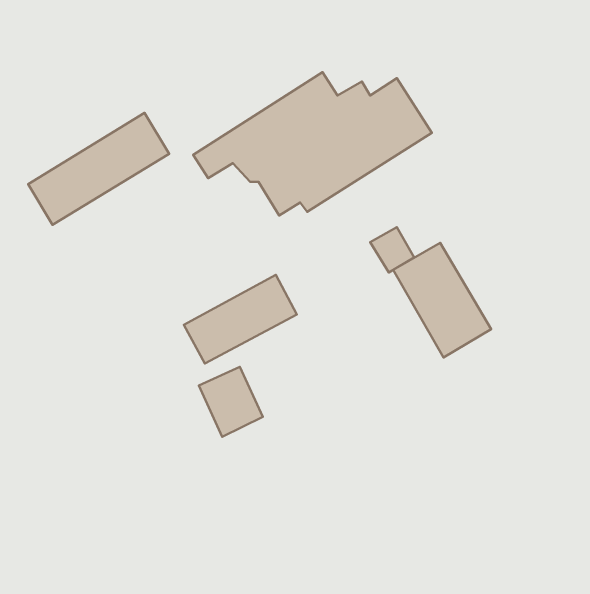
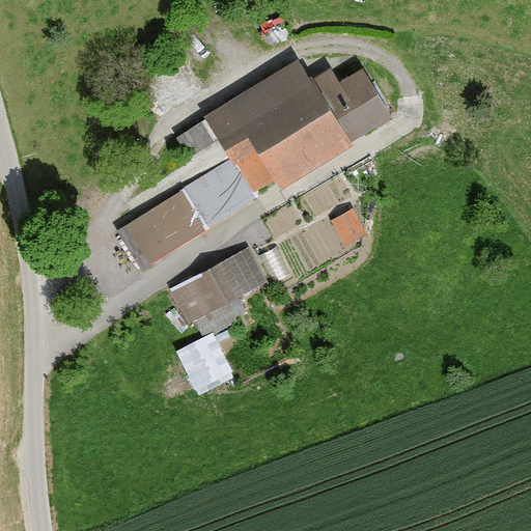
building: [28,113,169,225] -> [123,163,249,262]
building: [393,243,491,357] -> none

